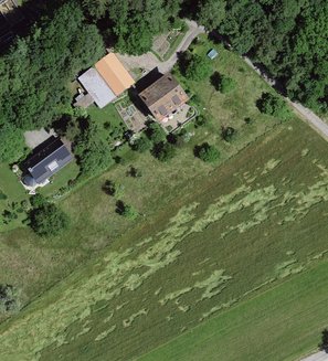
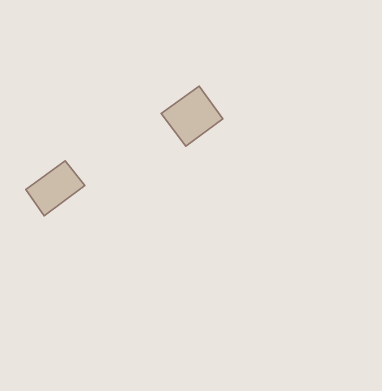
building: [80,56,135,110] -> none

